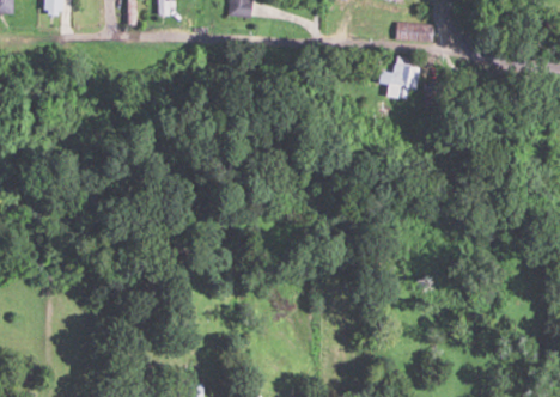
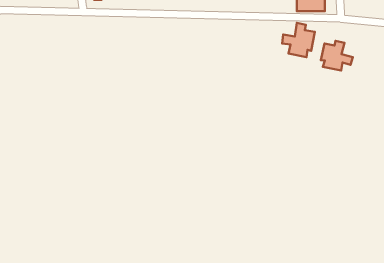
building: none -> [321,41,353,70]

